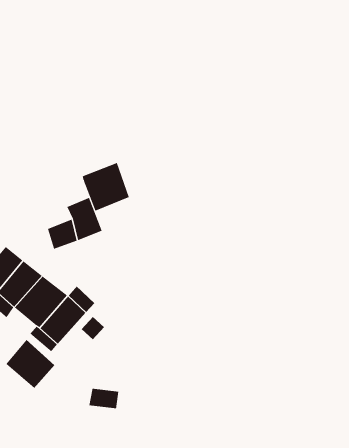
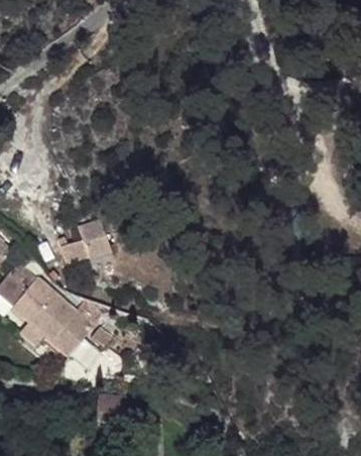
building: [82,162,129,212] -> none
building: [6,339,55,389] -> none

